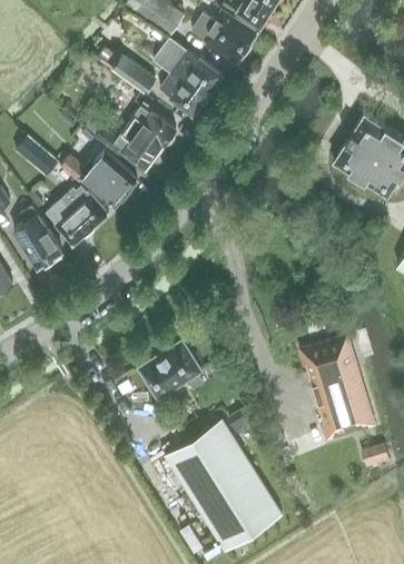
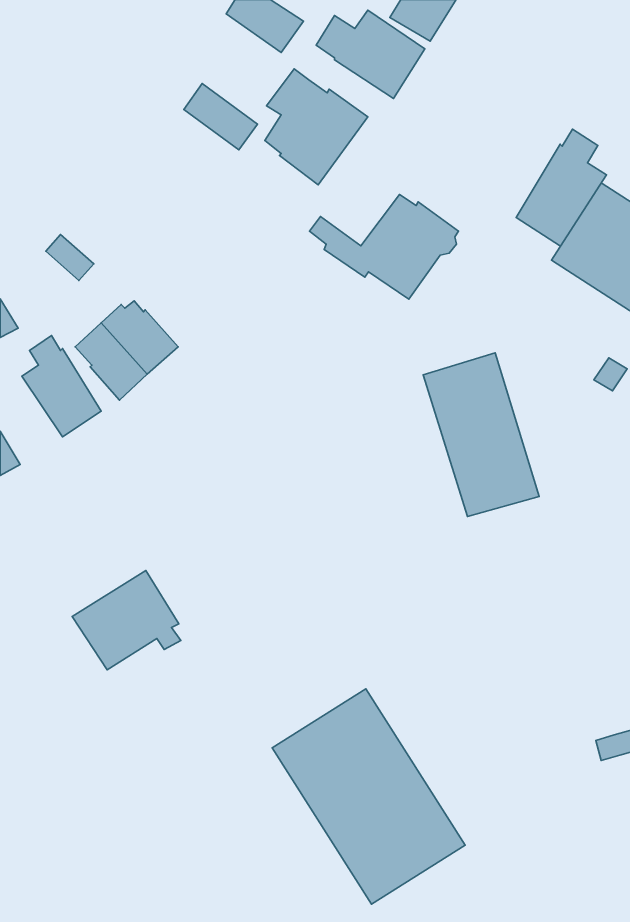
building: none -> [516,129,606,246]
building: [86,107,176,170] -> [309,194,458,299]
building: [60,152,137,208] -> none
building: [302,338,372,437] -> [423,353,539,517]
building: [137,340,203,400] -> [72,571,181,670]

